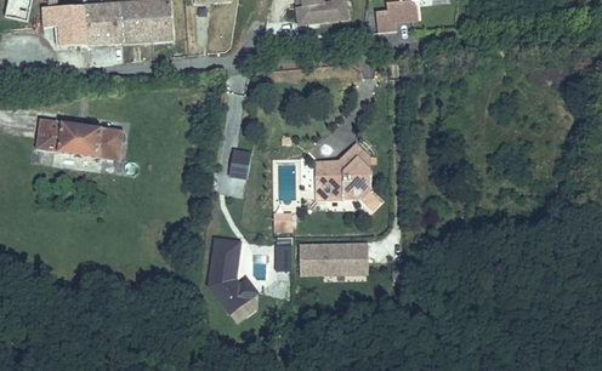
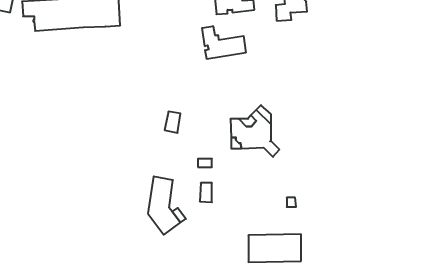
building: none -> [202,26,246,59]
building: [35,119,123,160] -> none
building: [297,241,367,278] -> [248,234,301,262]

